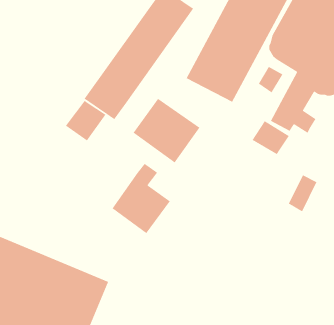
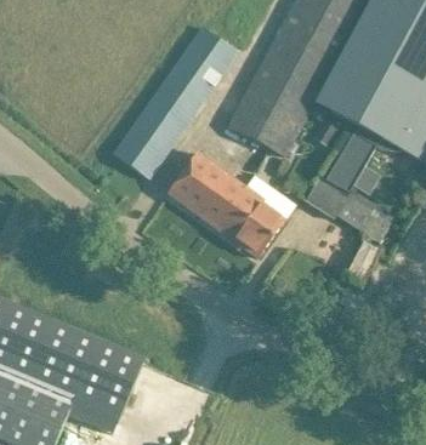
building: [65,100,106,141] -> none
building: none -> [336,194,392,241]
building: [111,163,171,234] -> [217,173,285,255]

